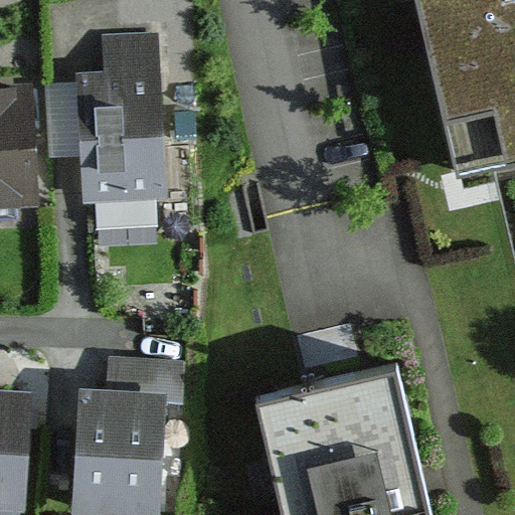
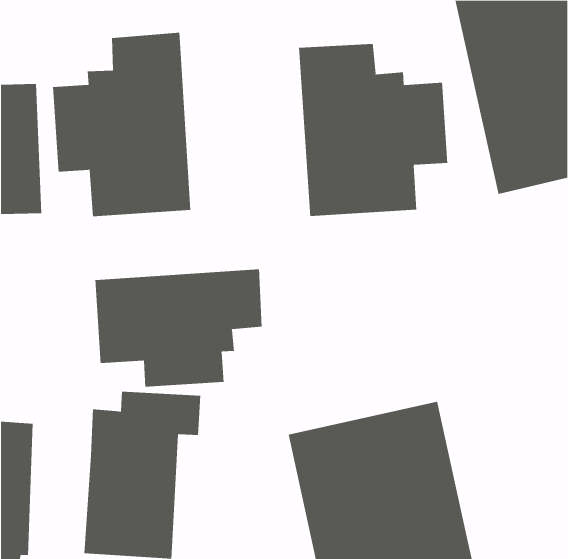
building: none -> [298,43,448,217]
building: none -> [95,268,262,388]

